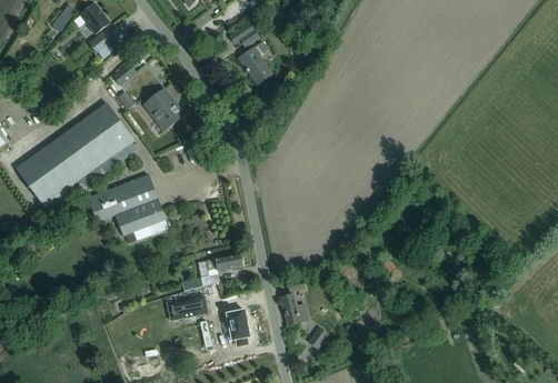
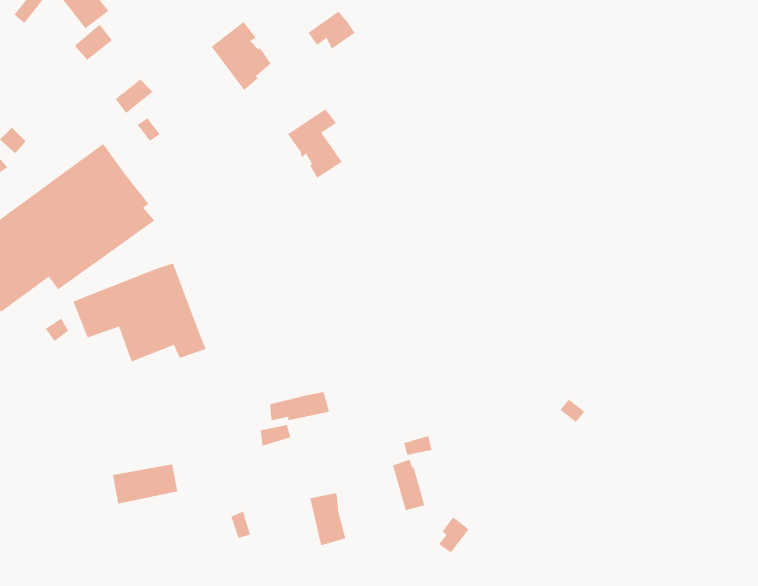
building: [239,41,272,83] -> [287,109,342,178]
building: [145,88,181,130] -> [211,21,271,91]
building: [168,295,208,320] -> [112,464,178,504]

